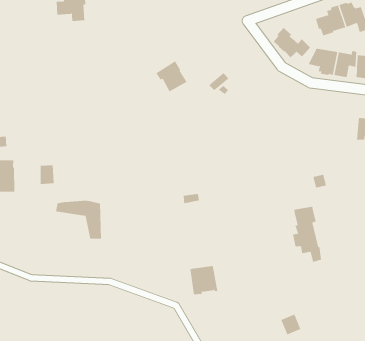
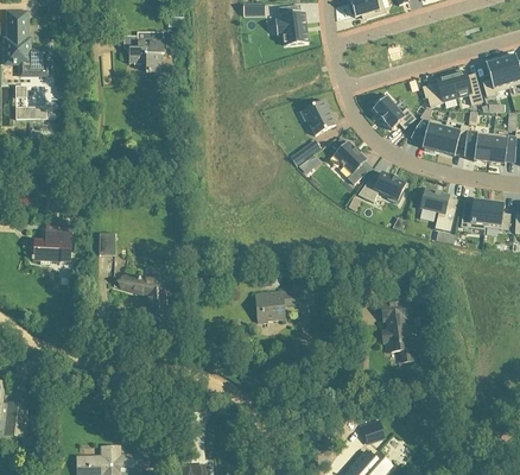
building: [155,61,187,92] -> [299,99,335,134]
building: none -> [332,137,367,183]
building: none -> [357,171,405,203]
building: none -> [419,188,457,232]
building: [190,265,218,295] -> [254,291,285,323]

